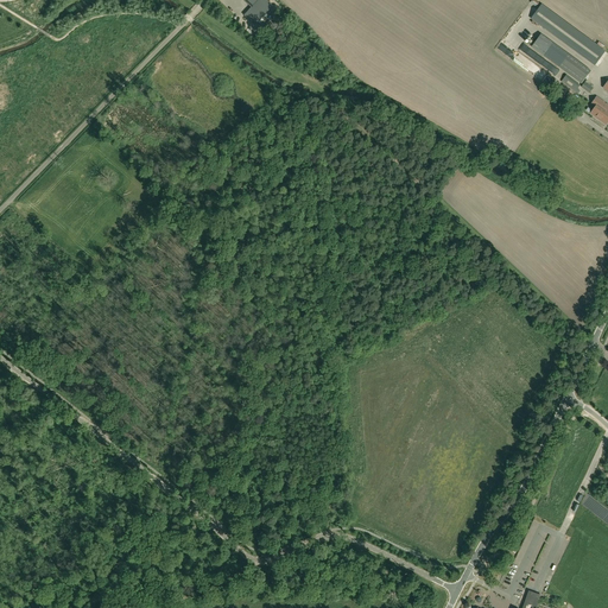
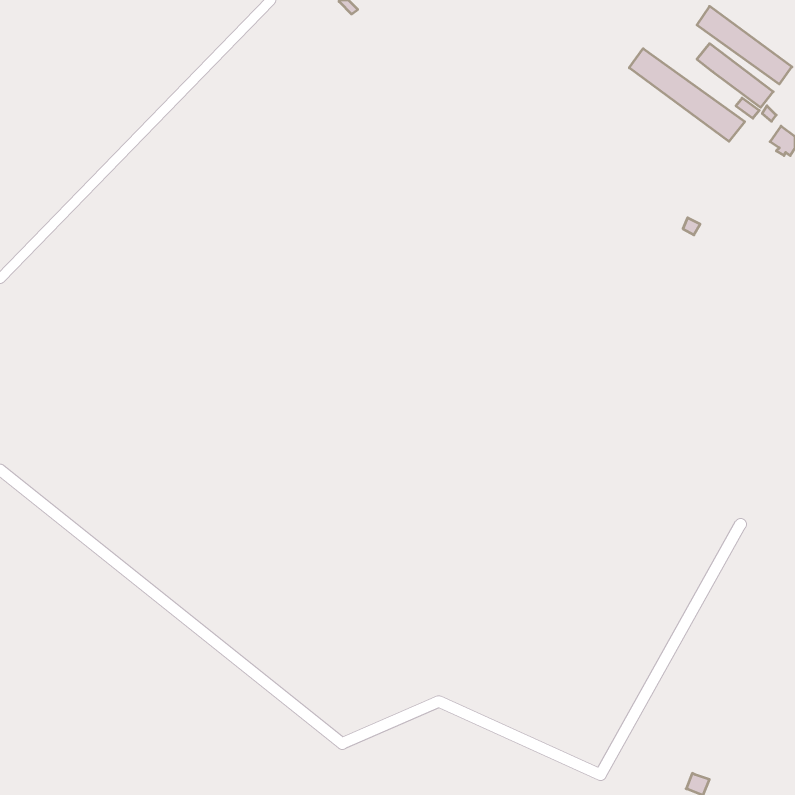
building: none -> [629,49,745,141]

